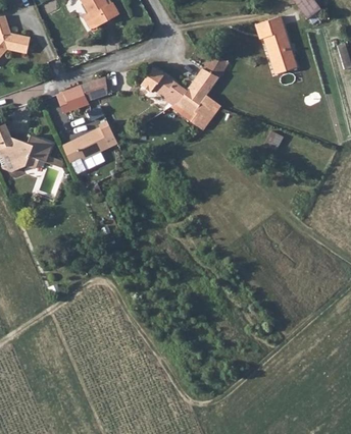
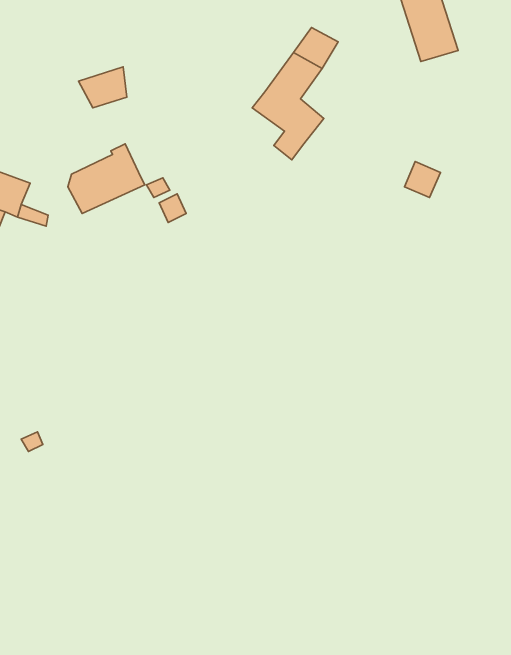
building: [141,67,186,105] -> none
building: [62,85,89,110] -> none

